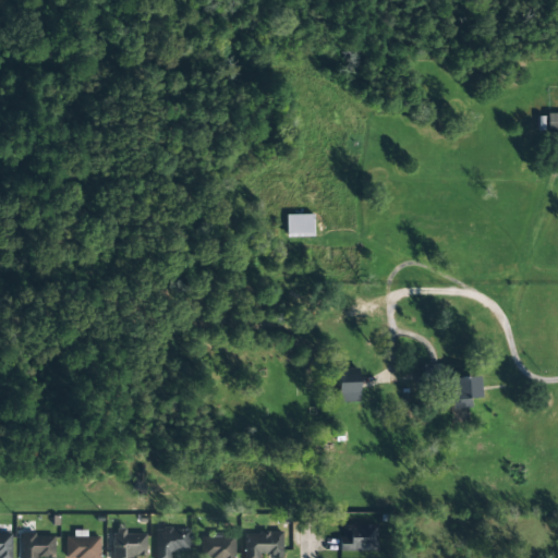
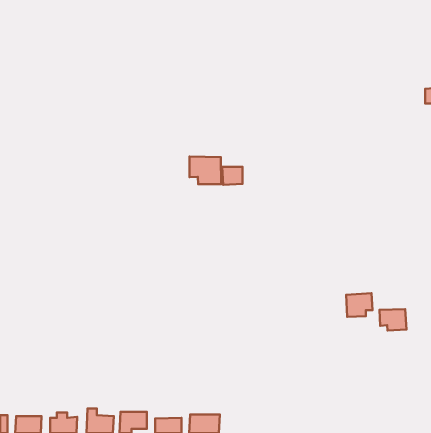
building: none -> [190,157,221,184]
building: [339,368,361,402] -> none
building: none -> [379,309,406,331]
building: [342,524,379,551] -> none

